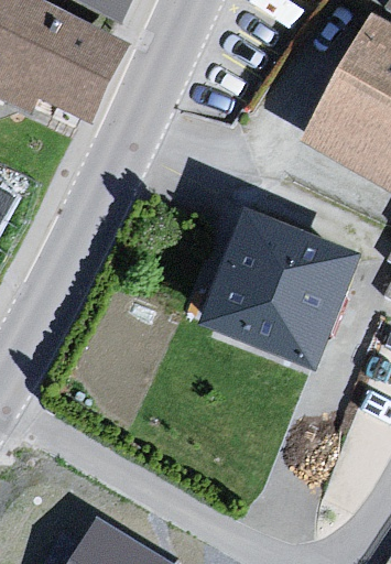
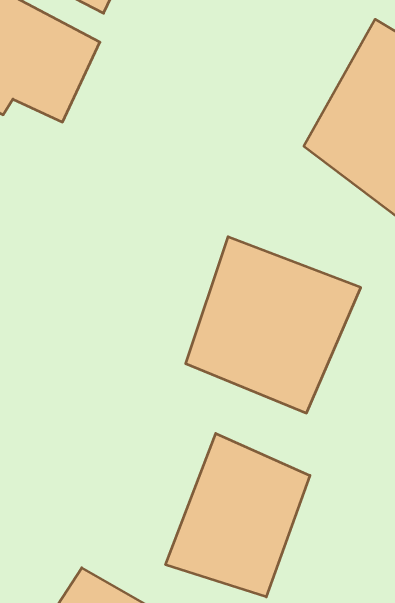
building: none -> [166,433,310,597]

